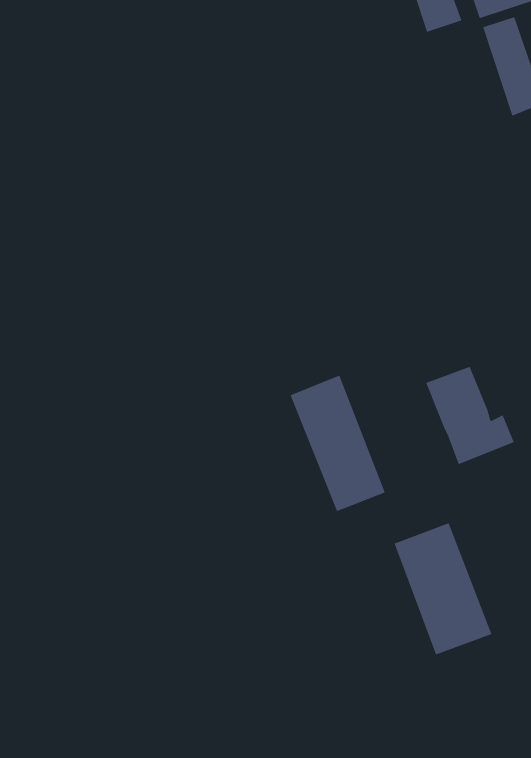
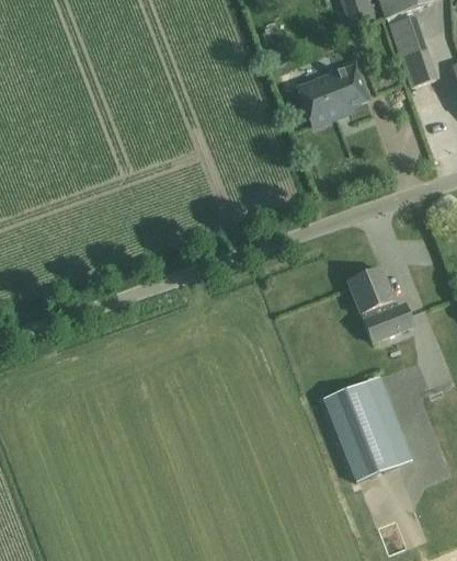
building: none -> [298,64,369,126]
building: [290,374,386,512] -> none

